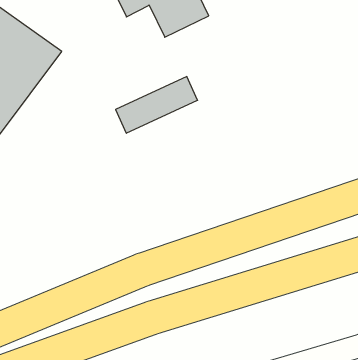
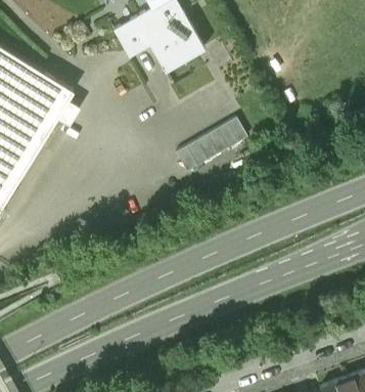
building: [116,77,198,133] -> [175,119,247,174]

